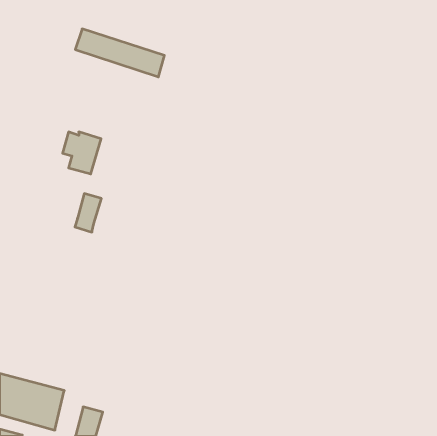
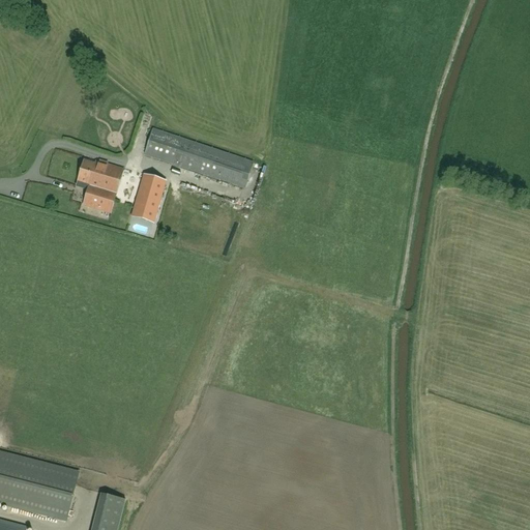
building: [75,29,164,77] -> [144,128,252,186]
building: [75,194,101,232] -> [132,174,165,220]

